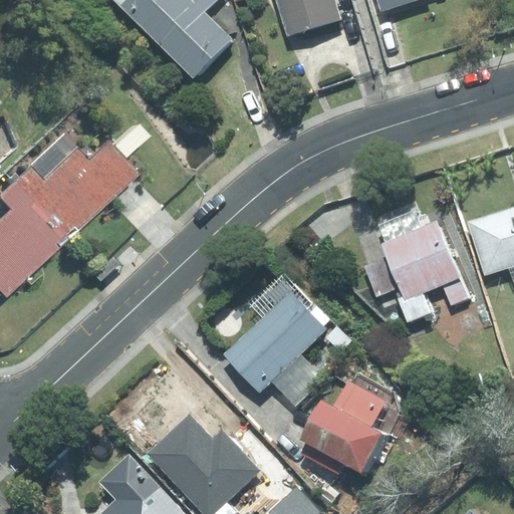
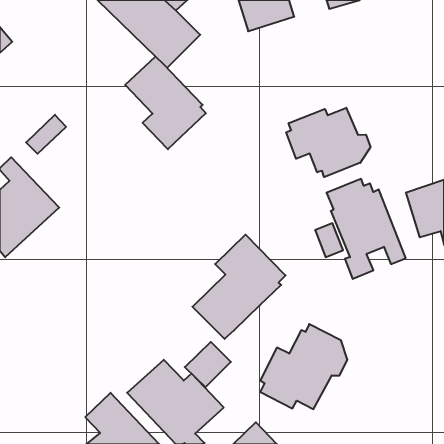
building: none -> [125,57,206,149]
building: none -> [286,108,370,177]
building: [13,144,138,240] -> none
building: [270,352,323,405] -> [185,342,231,387]

